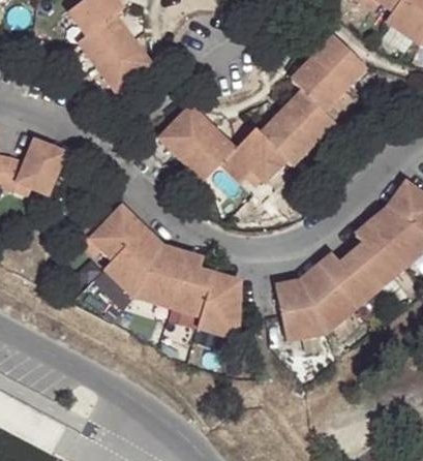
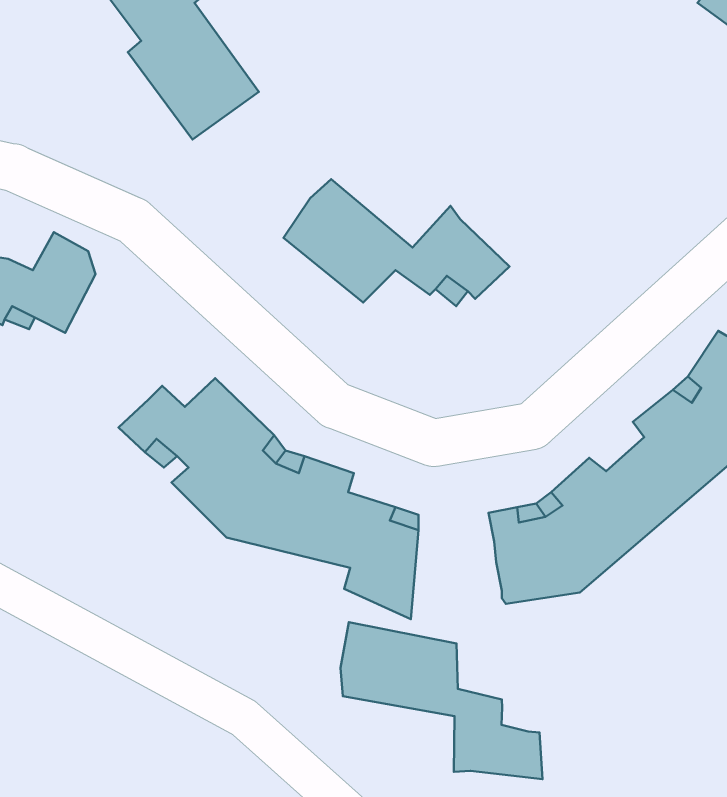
building: [261,37,362,160] -> none
building: none -> [340,622,543,779]

